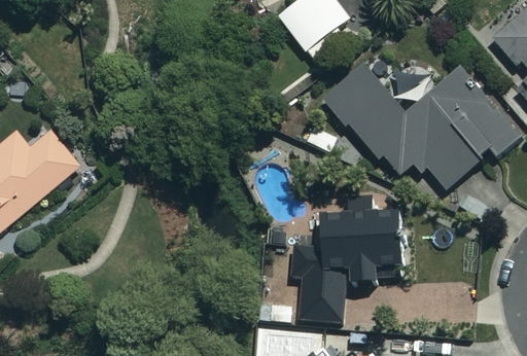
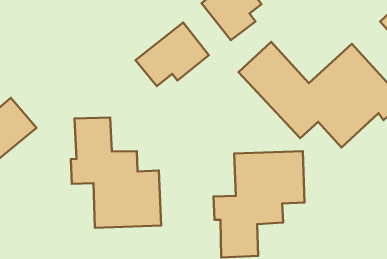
building: none -> [135,23,209,86]
building: none -> [71,118,161,228]

